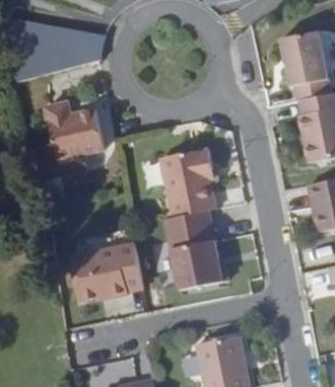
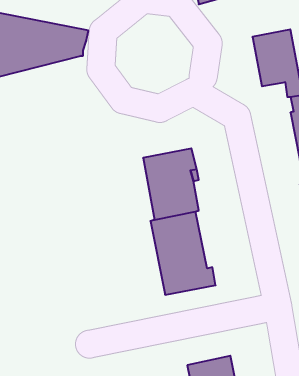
building: [47,102,105,158] -> none
building: [70,239,143,298] -> none

